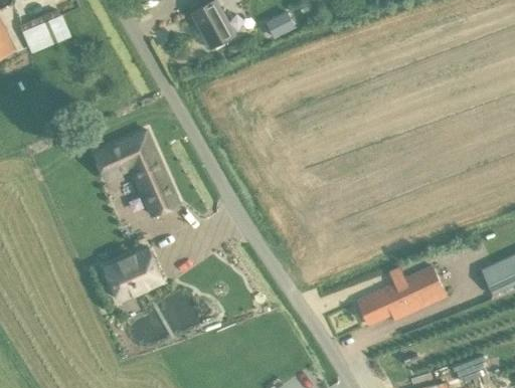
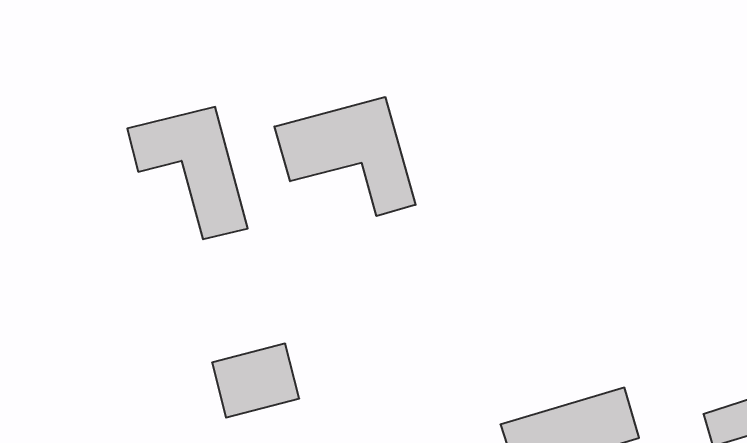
building: none -> [274,97,416,216]
building: [103,247,161,300] -> [212,344,299,418]

